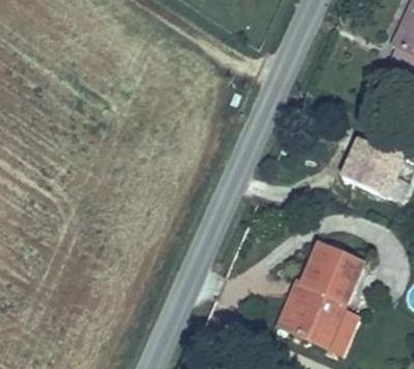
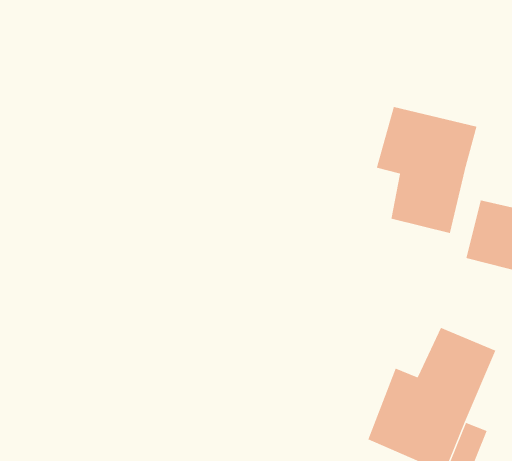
building: none -> [376,106,477,234]

